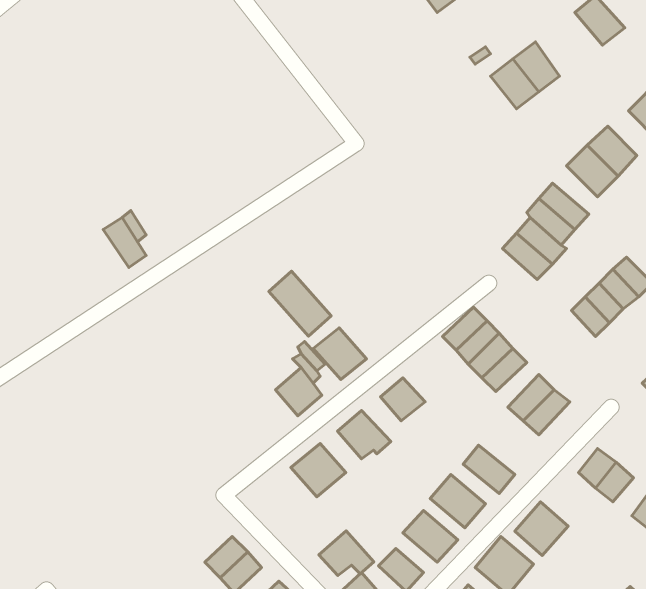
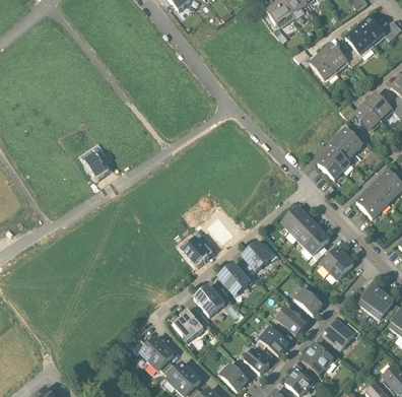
building: none -> [346,27,375,58]
building: [269,271,331,336] -> none
building: [319,531,374,576] -> [172,308,204,334]

